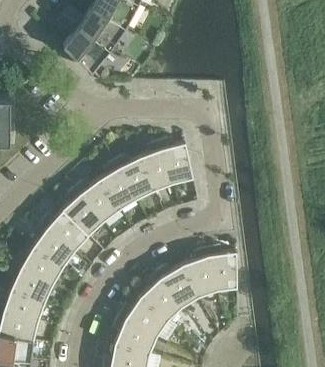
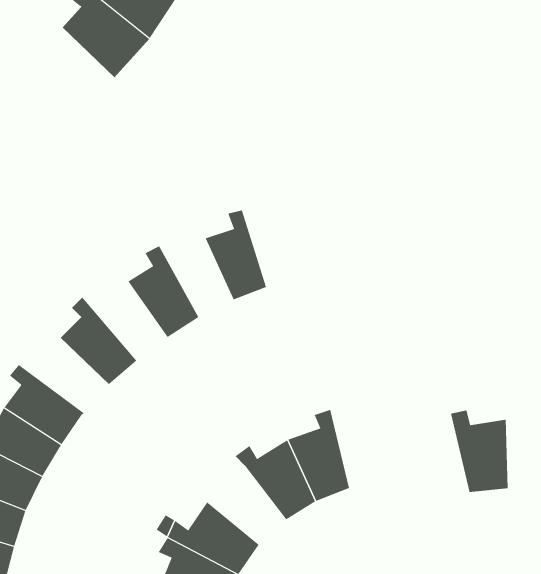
building: [158,141,192,185] -> none
building: [114,159,153,201] -> none
building: [73,182,118,224] -> none
building: [39,212,87,252] -> none
building: [205,248,236,292] -> [450,410,508,492]
building: [139,275,181,322] -> none

